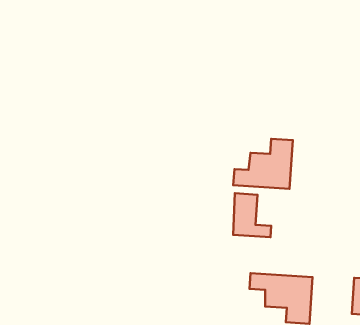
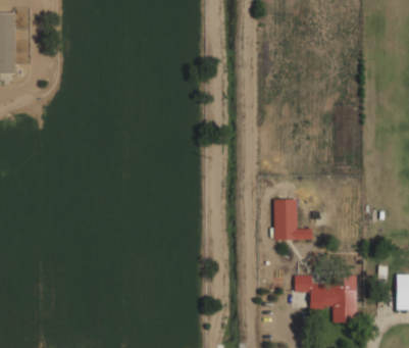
building: [233,139,293,189] -> none

